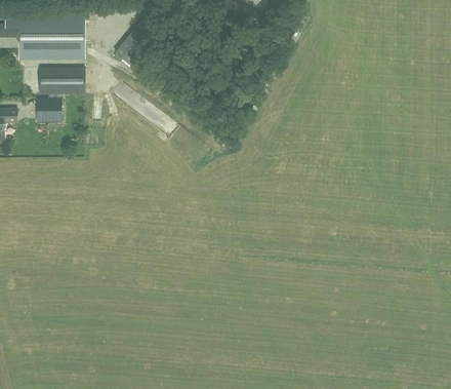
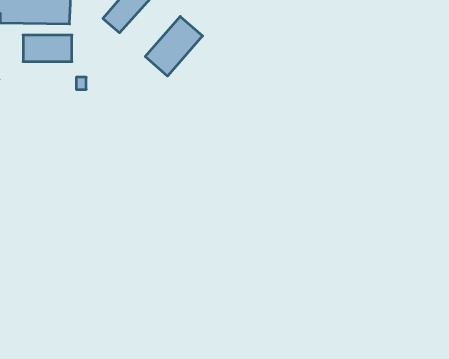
building: none -> [145,16,203,76]
building: [36,98,60,114] -> none

